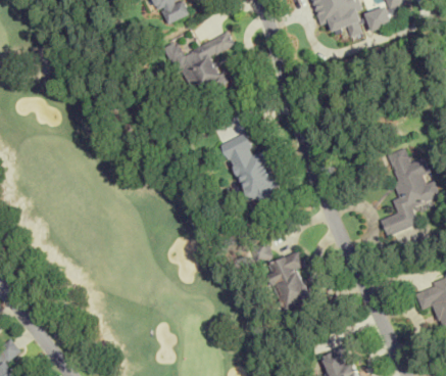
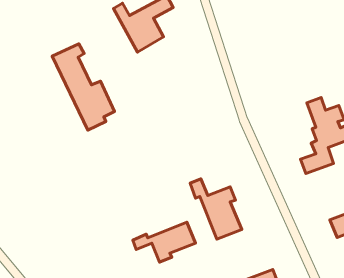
building: [210,107,282,206] -> [52,44,115,130]
building: none -> [133,222,195,262]

